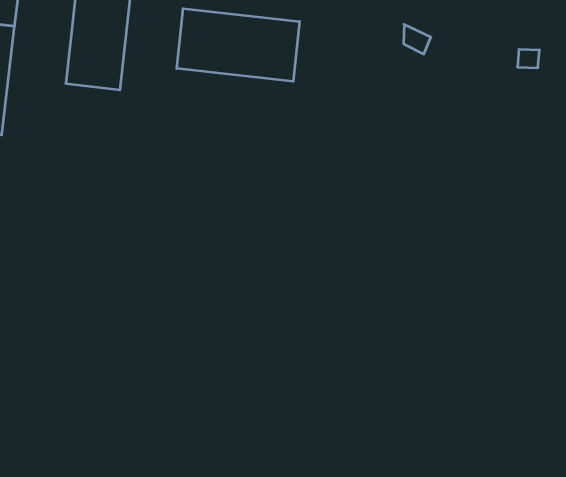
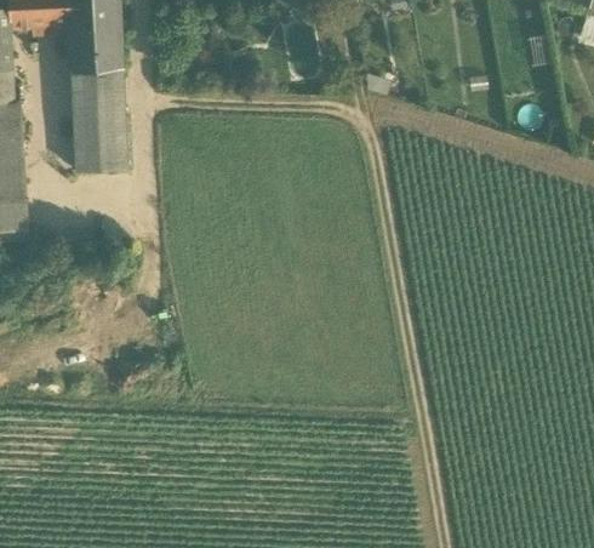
building: [177,9,300,81] -> none

